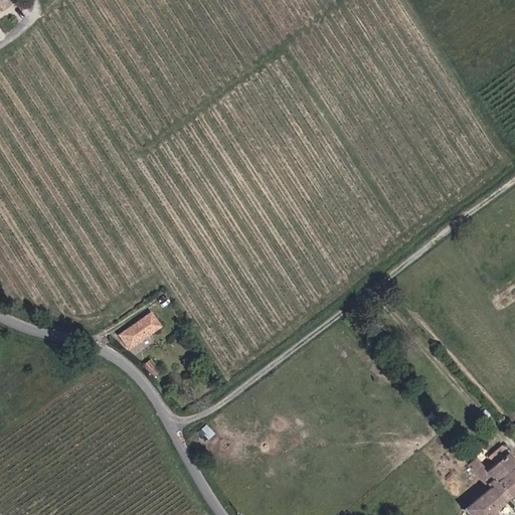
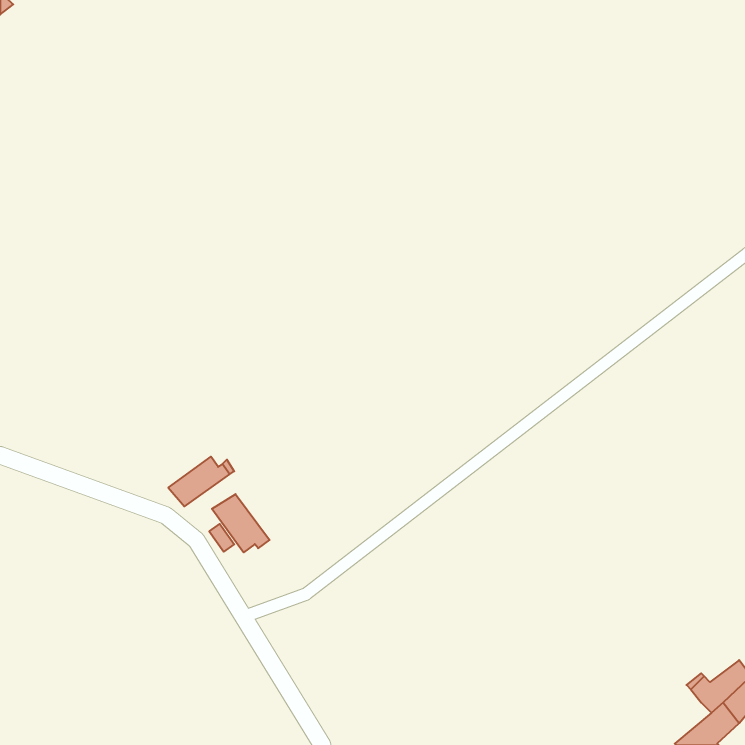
building: none -> [212,494,270,552]

